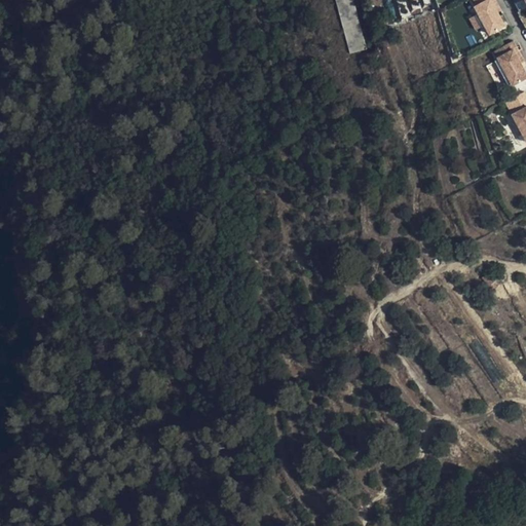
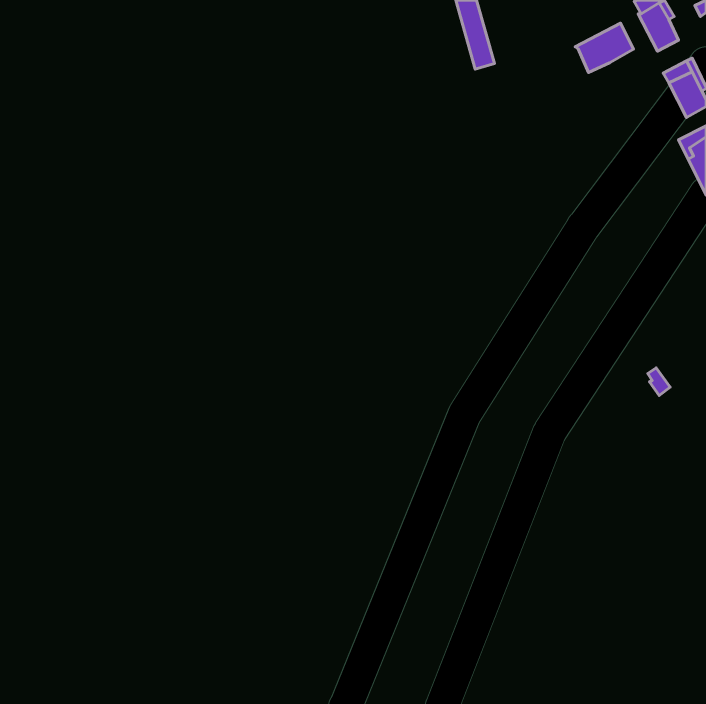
building: none -> [575,23,634,73]

